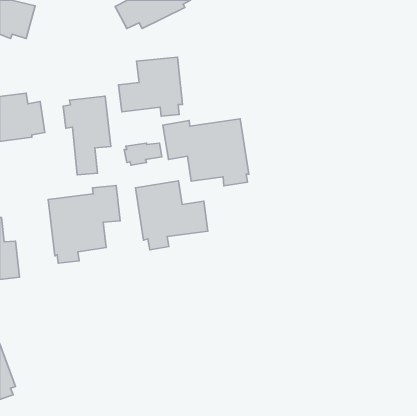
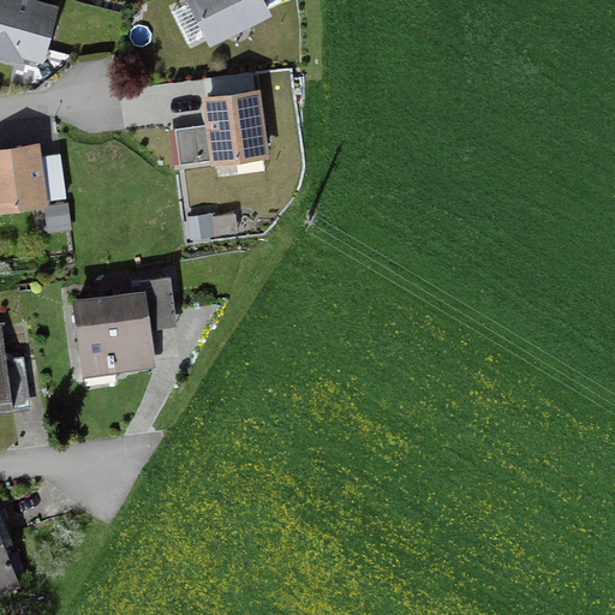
building: [63,96,111,175] -> none
building: [163,119,249,186] -> none
building: [135,181,208,250] -> none

